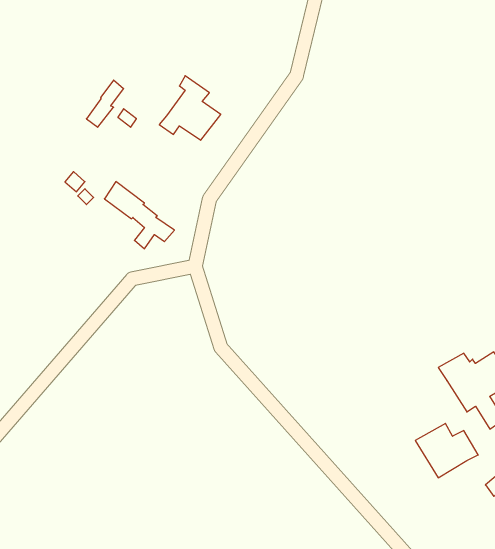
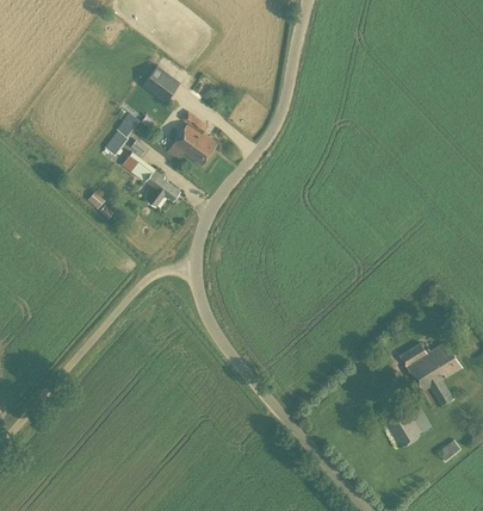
building: none -> [142,66,180,104]
building: [104,182,174,249] -> [122,151,180,207]

